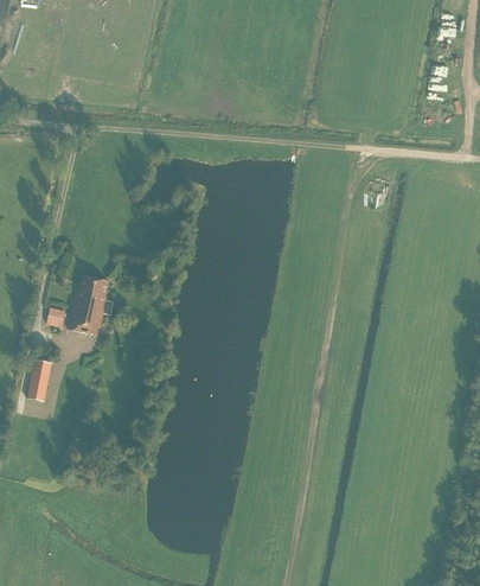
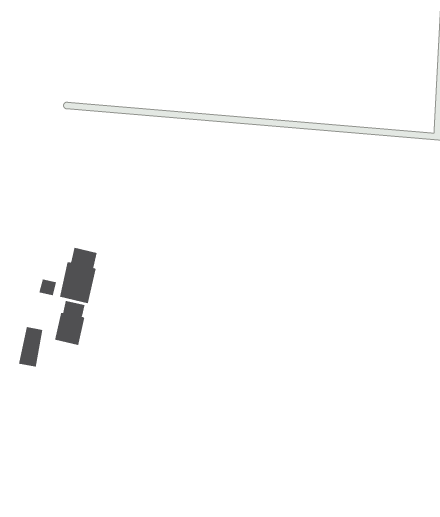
building: none -> [54,300,85,346]

